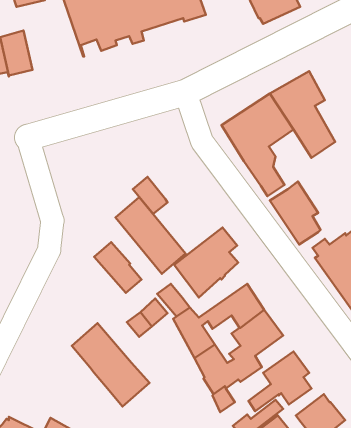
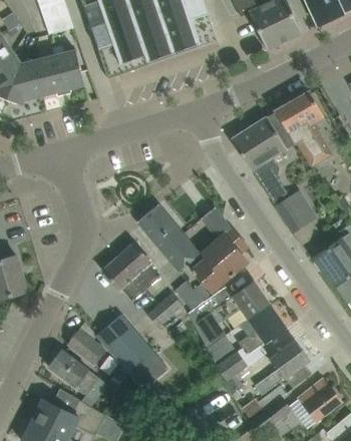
building: none -> [53,46,85,90]
building: [133,177,168,214] -> [202,207,233,241]
building: none -> [103,257,146,300]
building: none -> [68,330,106,365]
building: none -> [49,350,99,395]

